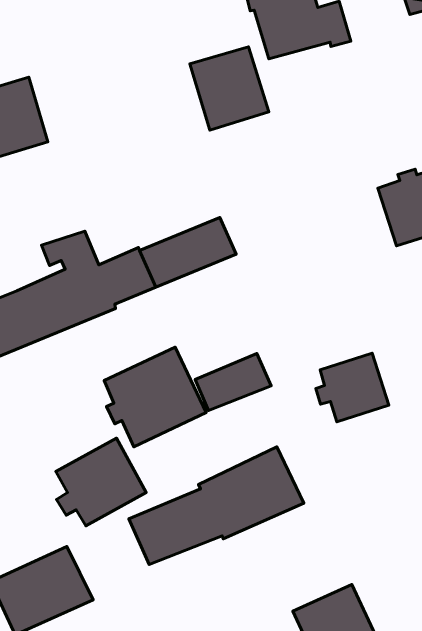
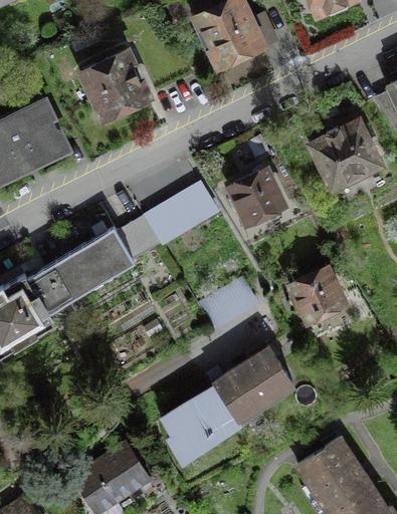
building: [190,47,269,130] -> [83,53,147,118]
building: none -> [228,170,283,224]
building: [104,347,206,447] -> none
building: [56,438,146,526] -> none

